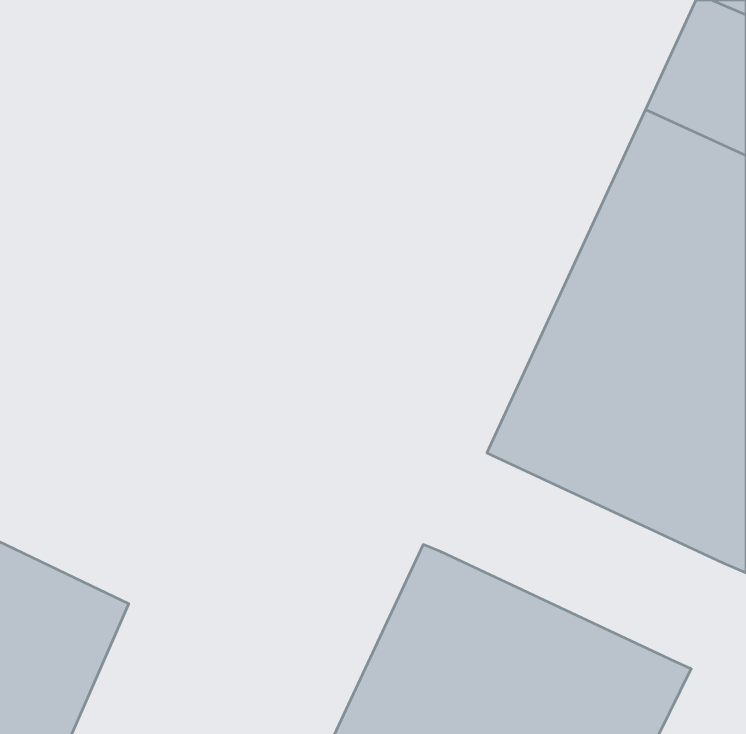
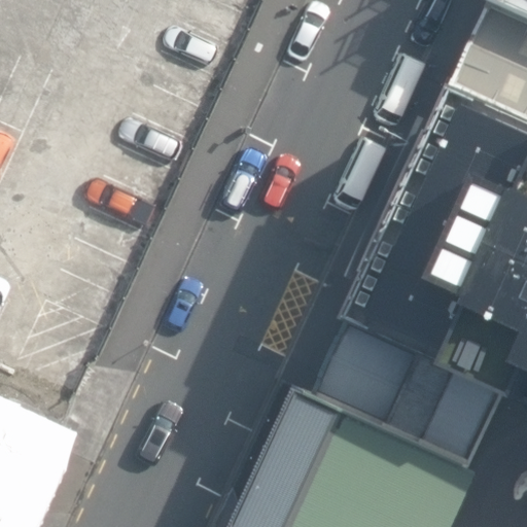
building: none -> [307,330,502,476]

